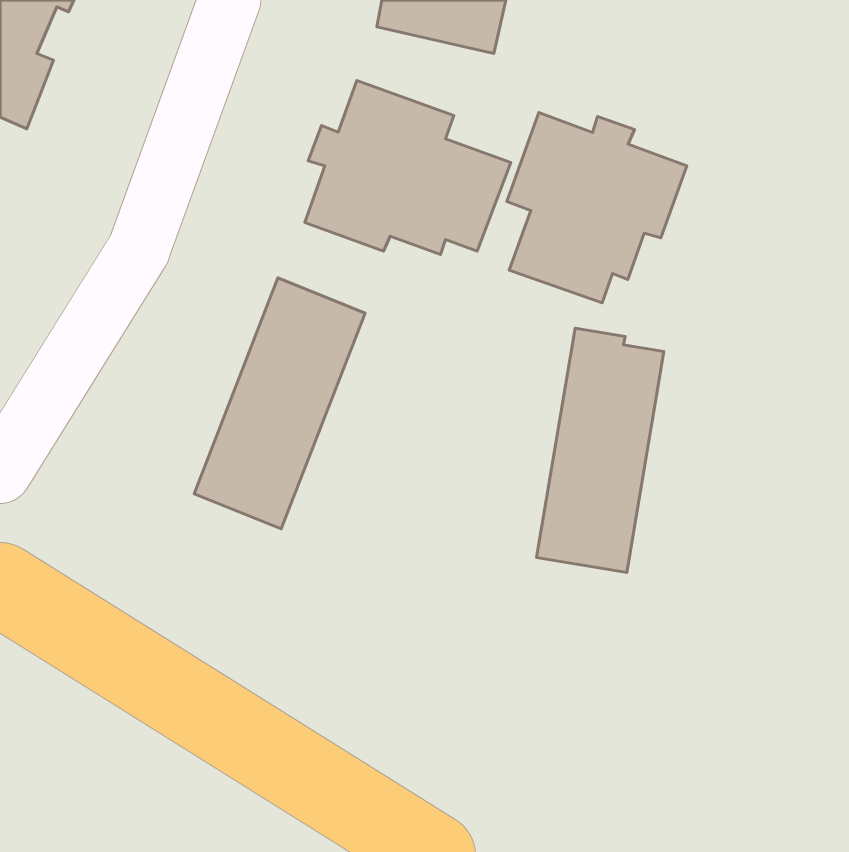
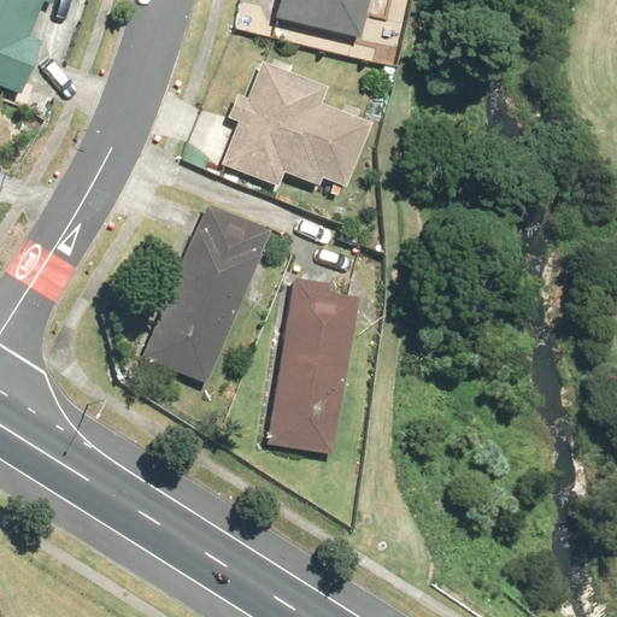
building: [507,113,687,303] -> none
building: [537,328,664,573] -> [266,277,358,453]

